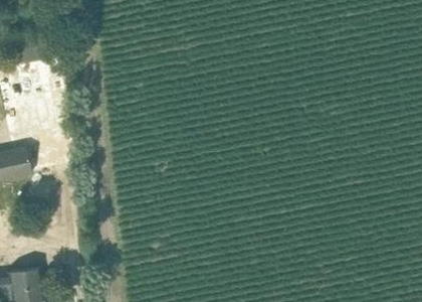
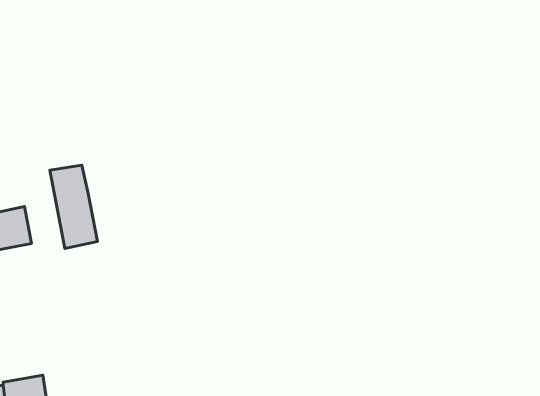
building: none -> [50,165,97,249]

